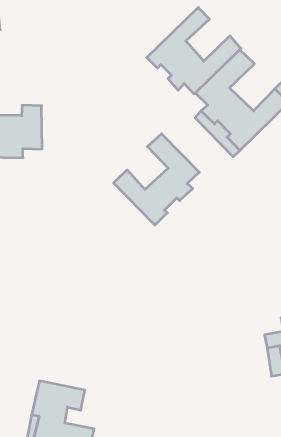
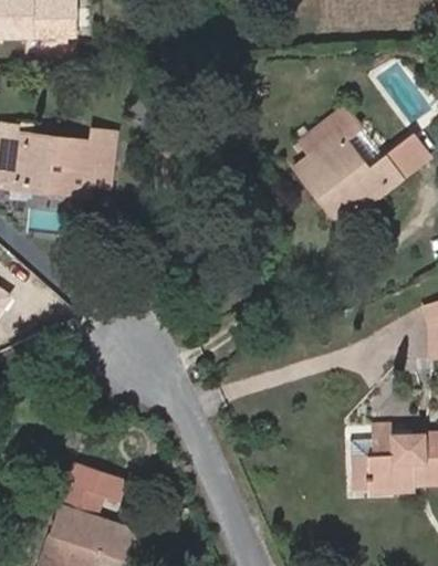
building: [147,7,241,94] -> none
building: [114,134,199,225] -> none

